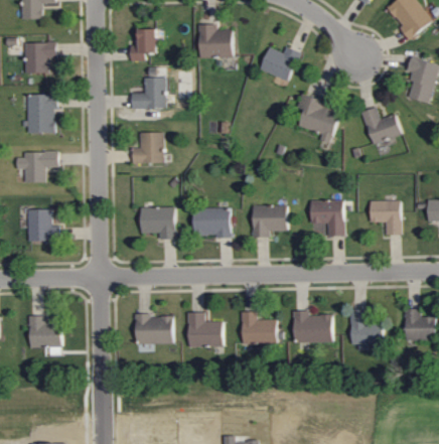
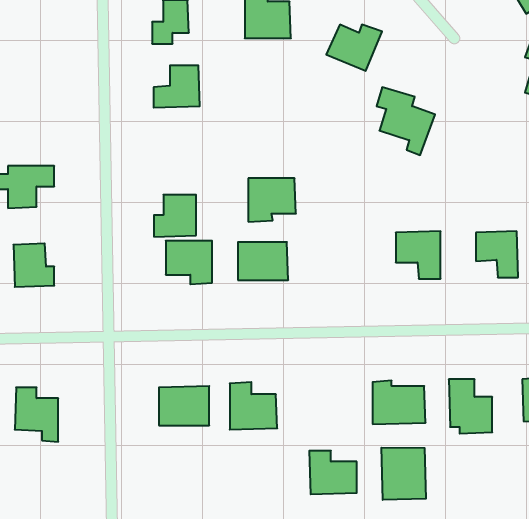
building: [24,42,55,73] -> none
building: [26,95,55,134] -> none
building: [361,107,401,144] -> none
building: [132,133,163,164] -> [154,195,196,237]
building: [252,205,287,238] -> [248,178,296,222]
building: [241,312,276,344] -> [309,451,357,494]
building: none -> [381,448,426,500]

